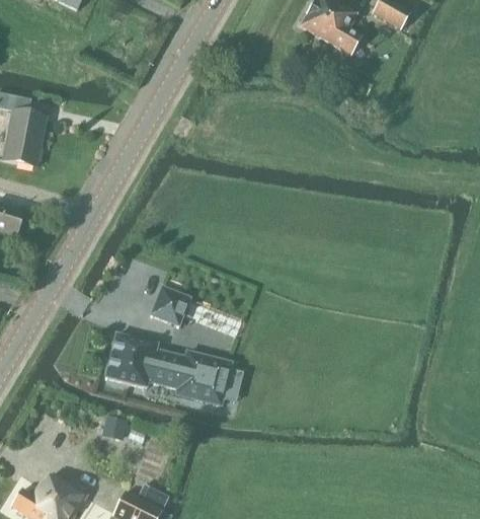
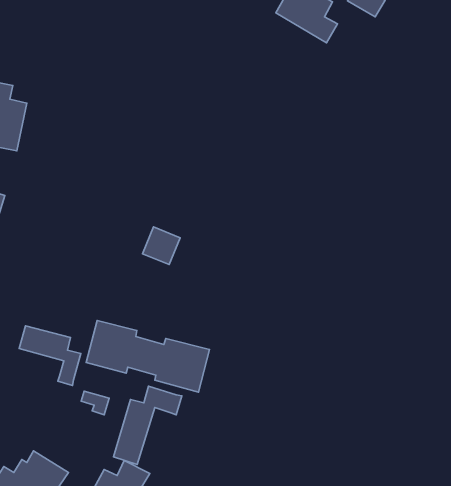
building: [151,286,189,324] -> [142,227,180,265]
building: none -> [19,326,81,385]
building: none -> [114,386,182,464]

